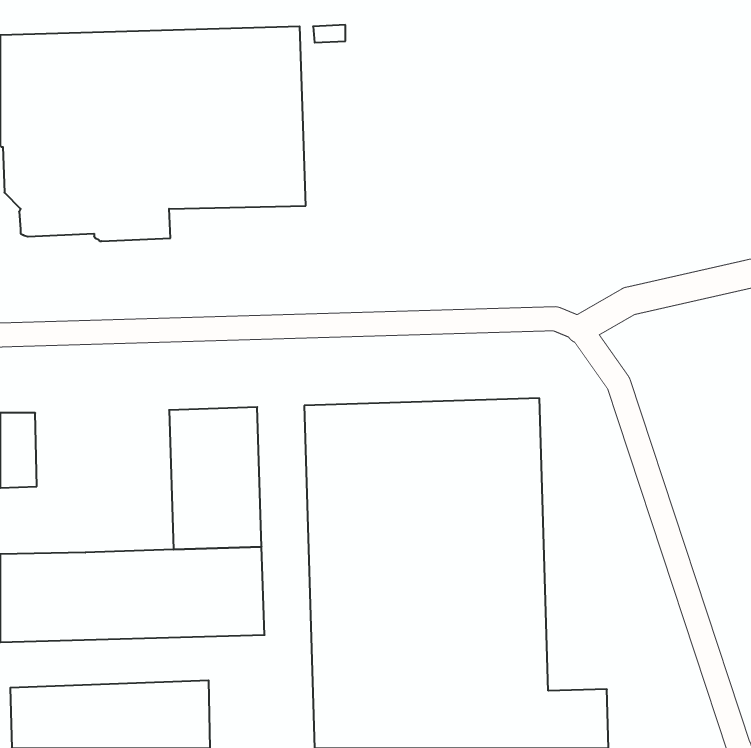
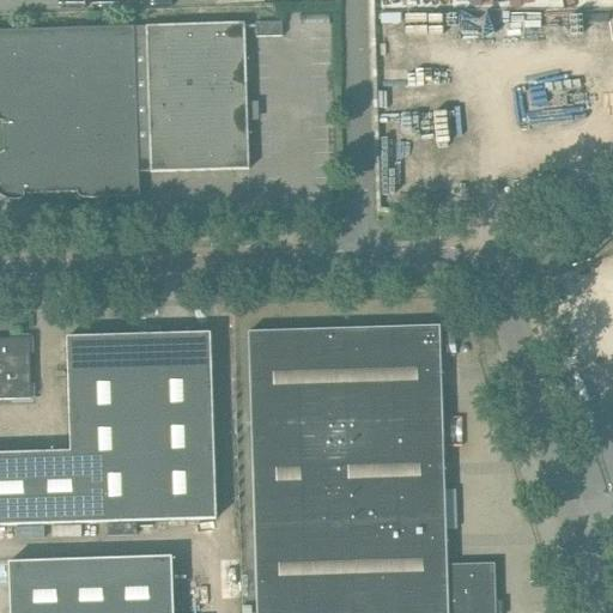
building: none -> [66,334,141,450]

